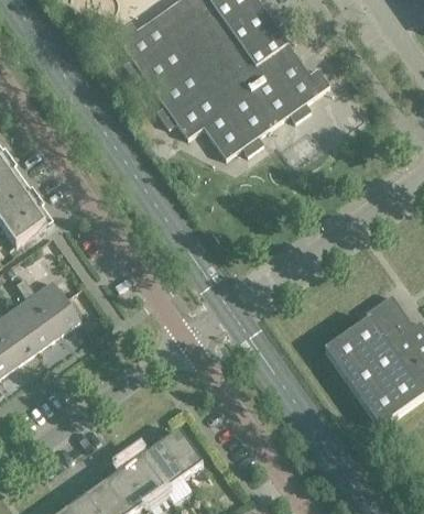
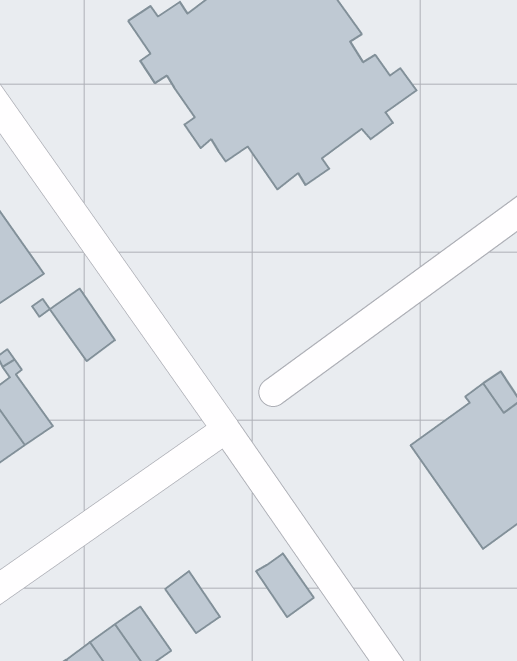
building: [31,281,79,335] -> [50,289,115,361]
building: [160,429,203,477] -> [256,553,314,617]
building: [123,456,165,502] -> none

